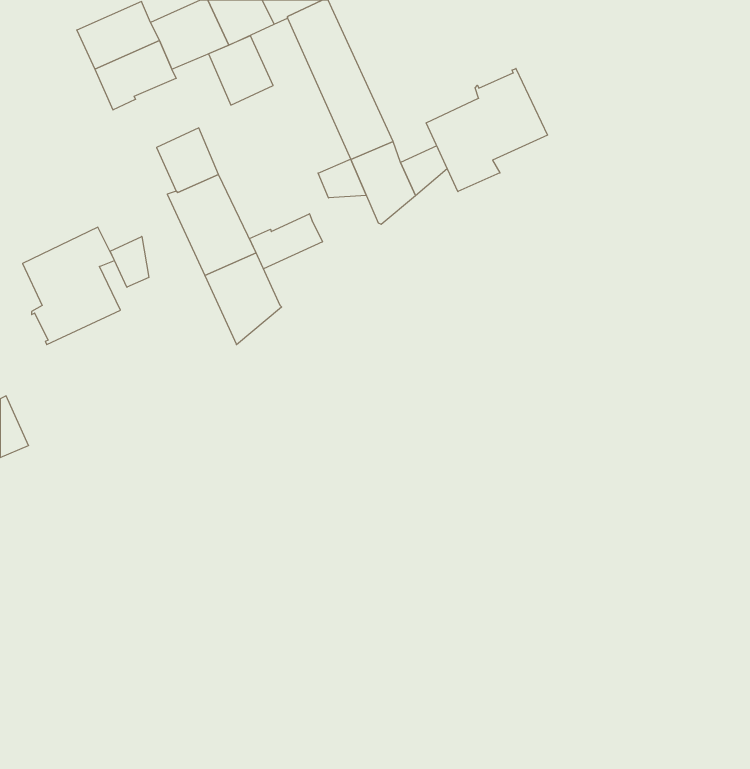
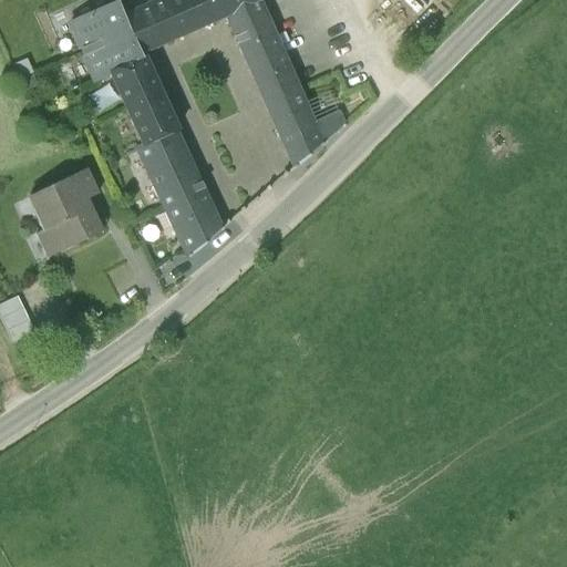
building: [208,36,273,105] -> [113,58,161,109]
building: [426,68,547,192] -> none
building: [318,159,366,198] -> none
building: [249,214,322,269] -> none
building: [110,236,149,287] -> none

